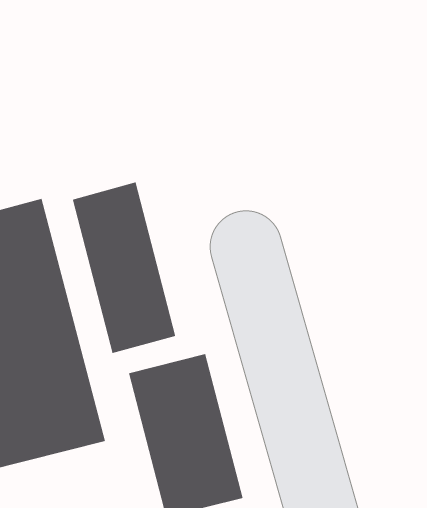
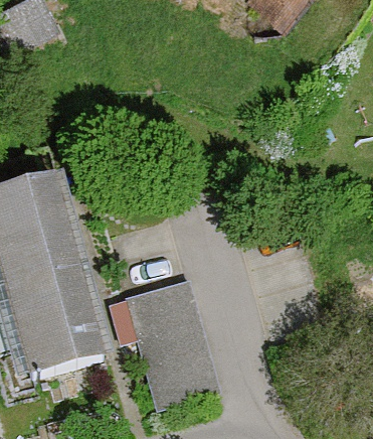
building: [72,182,176,354] -> none

